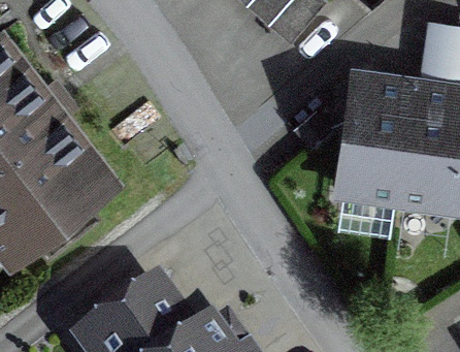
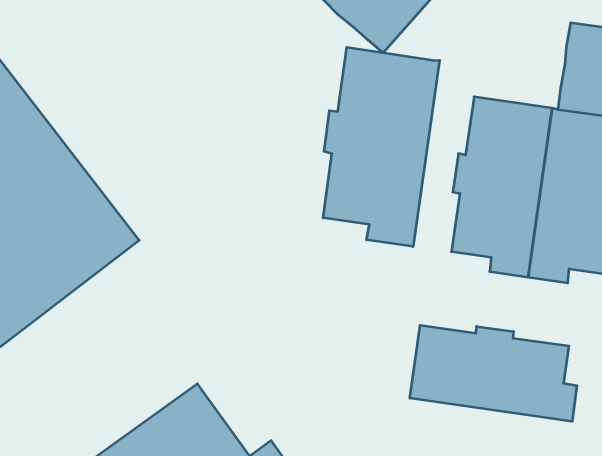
building: none -> [323,47,440,247]
building: none -> [410,325,577,421]

